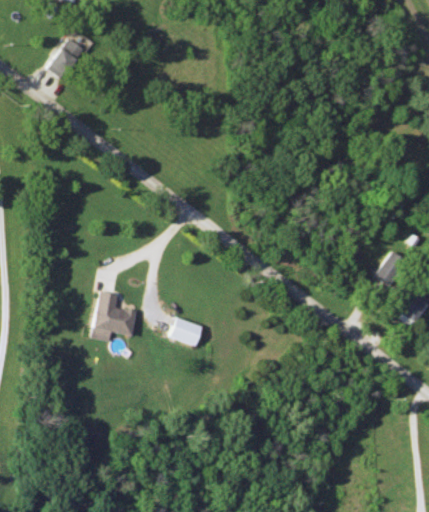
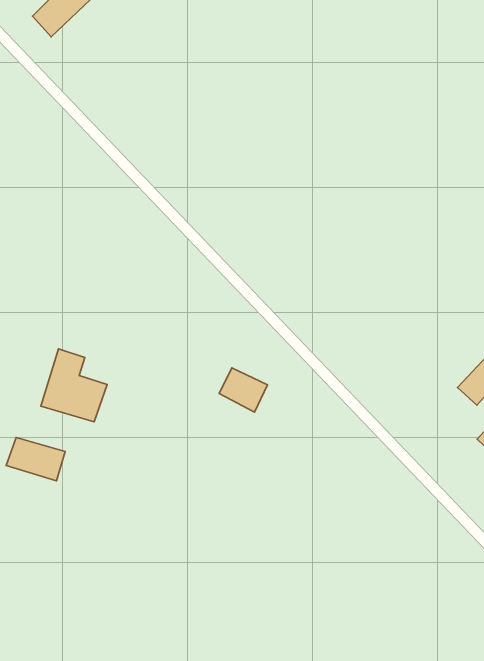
building: [171,318,203,346] -> [219,368,267,412]
building: none -> [6,437,65,481]

